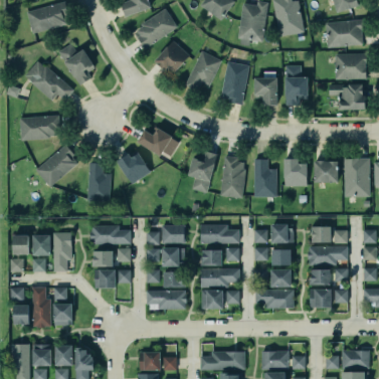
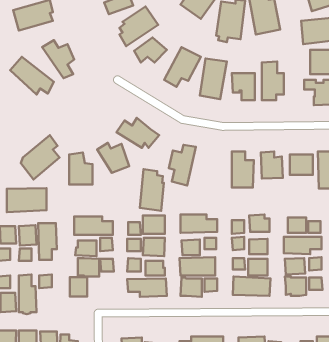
building: [18,115,59,140] -> [7,188,46,212]
building: [220,155,245,198] -> [140,169,164,211]
building: [54,305,72,325] -> [70,277,87,297]

